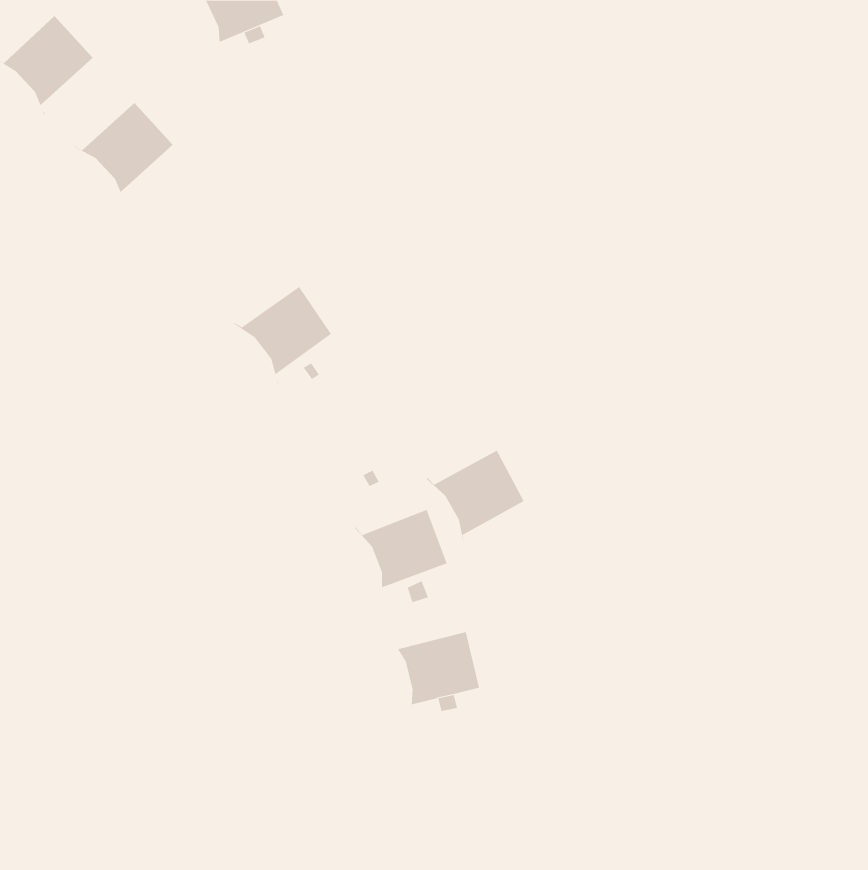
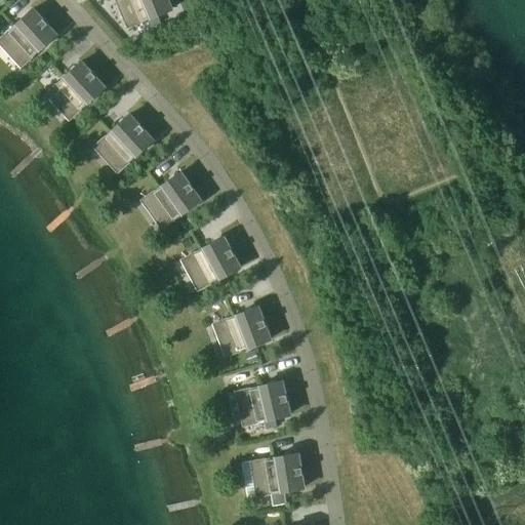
building: none -> [92,115,153,175]
building: [426,450,525,545] -> [180,237,240,294]
building: none -> [252,453,304,500]

